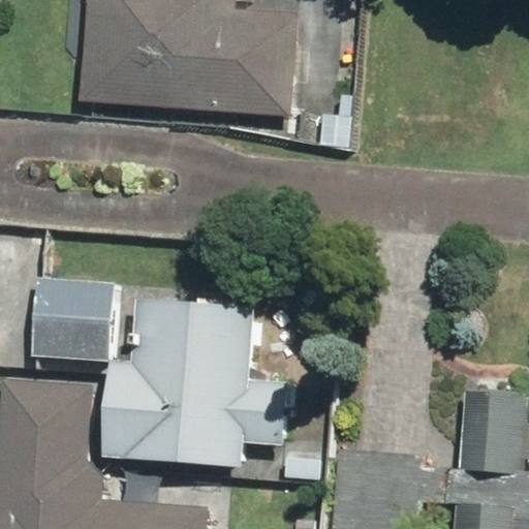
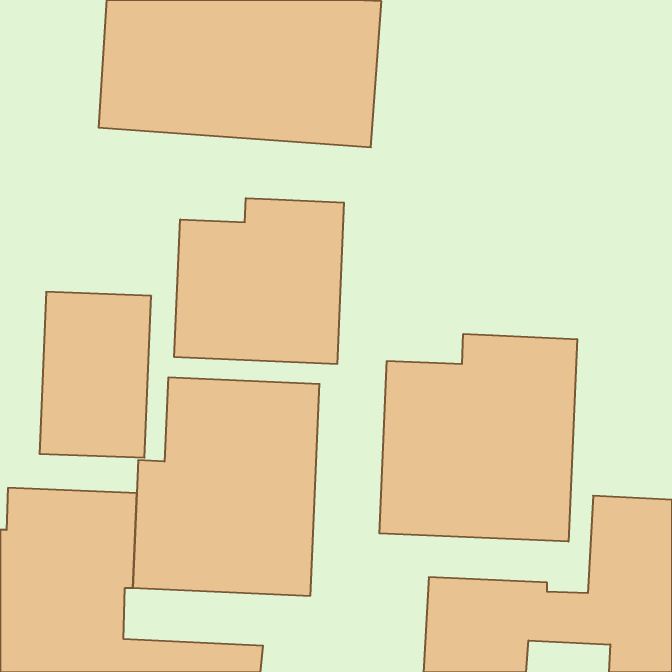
building: none -> [174,198,344,364]
building: none -> [379,334,577,542]

